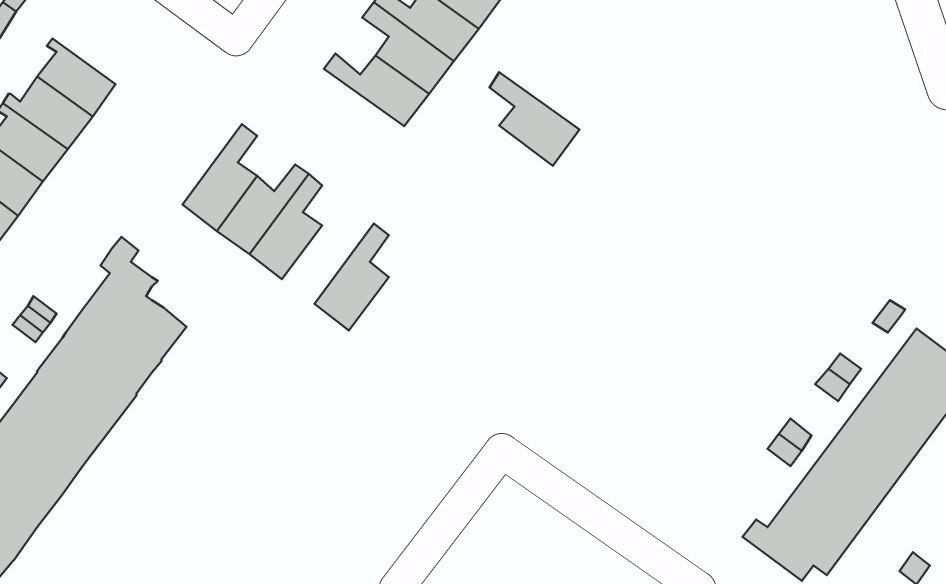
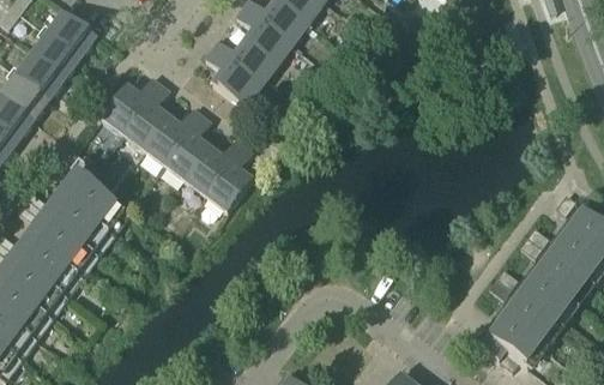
building: none -> [41,11,96,56]
building: [490,72,580,166] -> [205,47,261,106]
building: none -> [101,74,159,132]
building: none -> [185,137,242,194]

